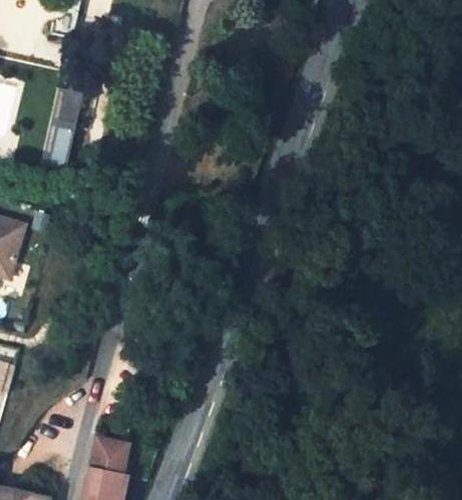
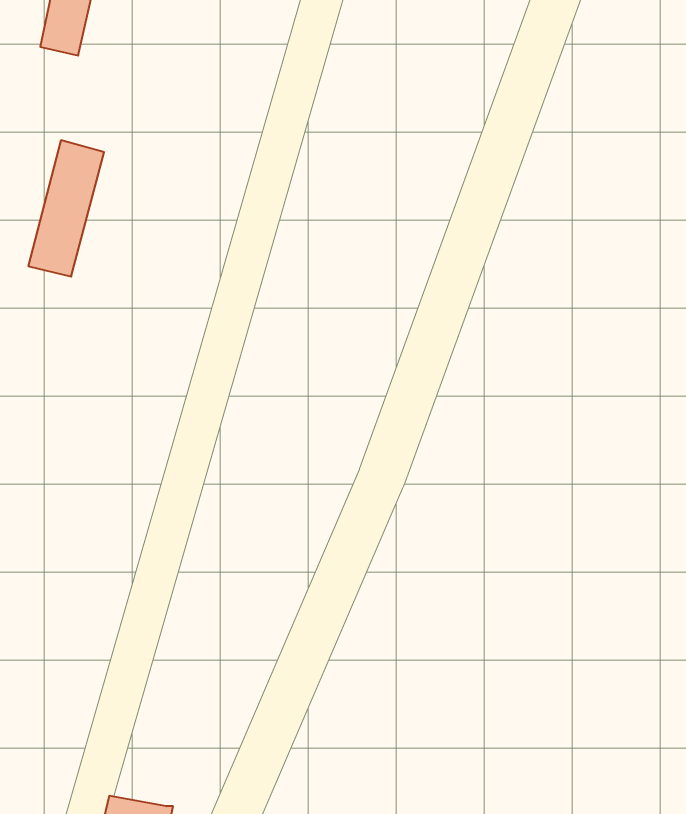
building: [90,440,129,476] -> none

